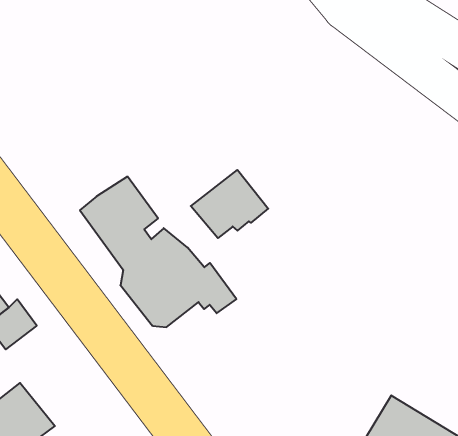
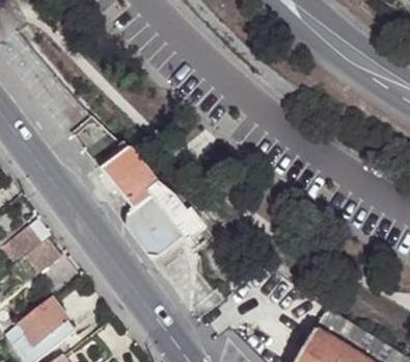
building: [191,170,268,238] -> none

